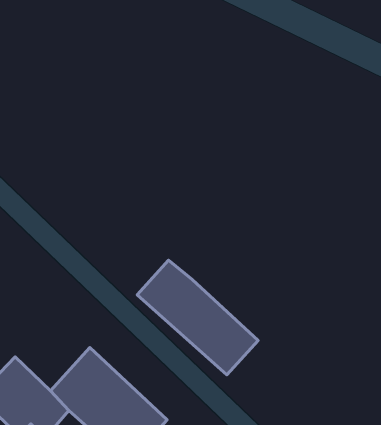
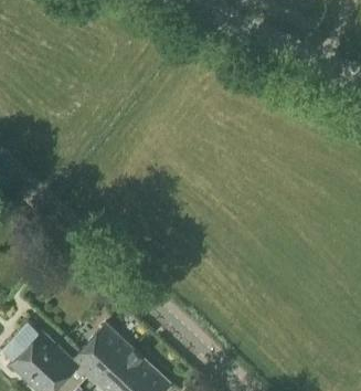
building: [137,260,258,375] -> none

